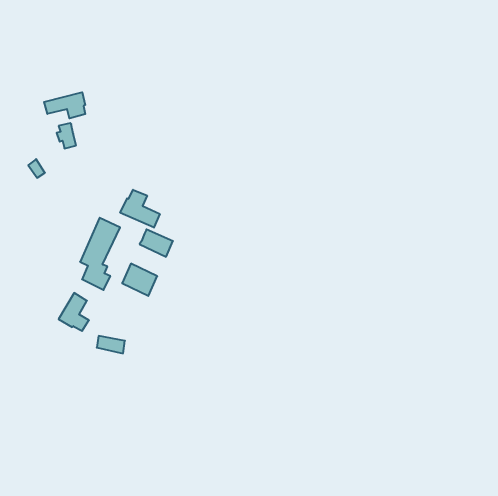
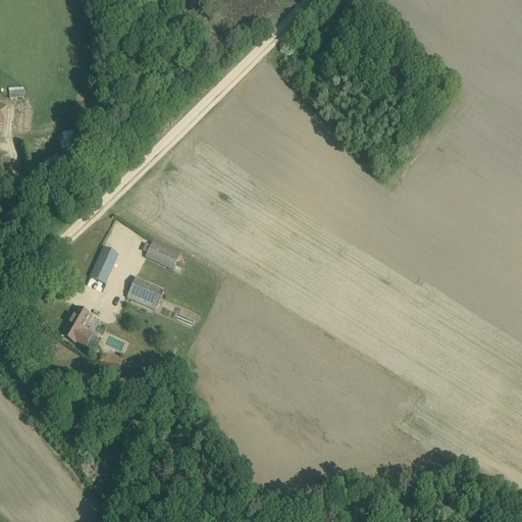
building: [44,92,85,118] -> none
building: [120,190,160,228] -> none

